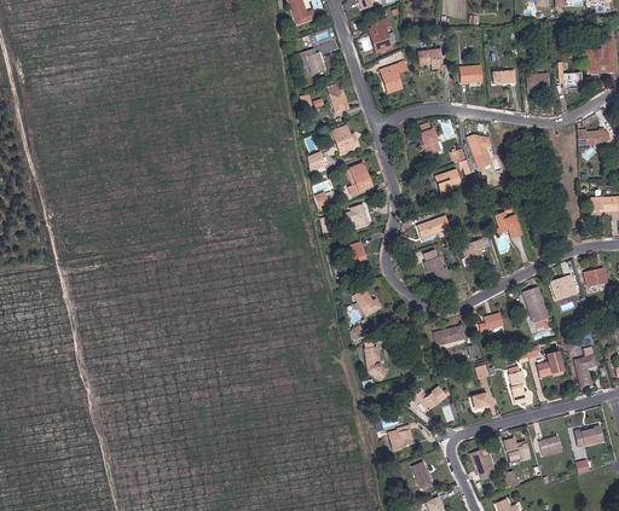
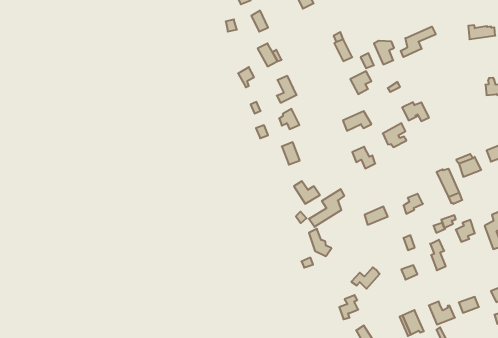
building: none -> [401,27,436,57]
building: none -> [309,189,344,227]

